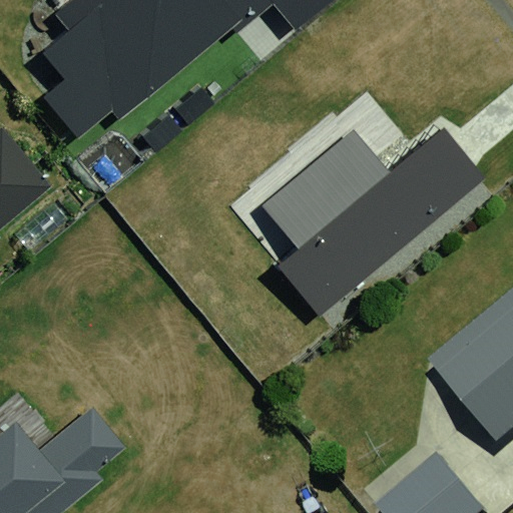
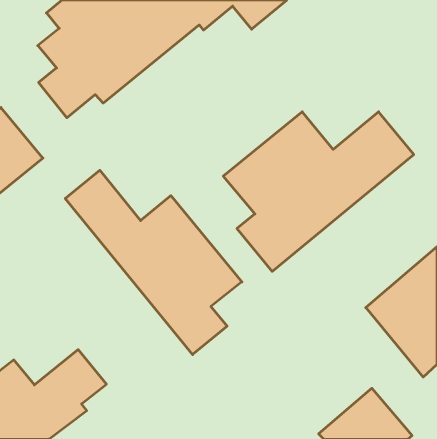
building: none -> [65,170,242,355]

